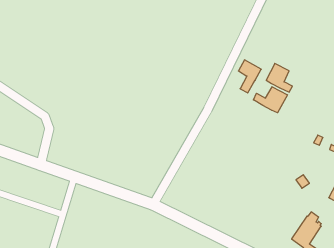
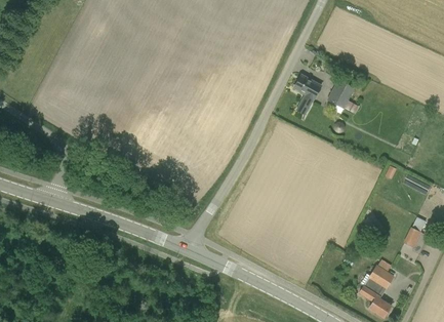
building: [253,87,287,113] -> none

